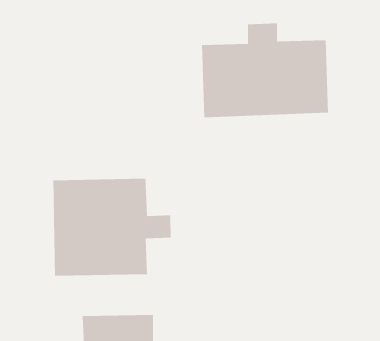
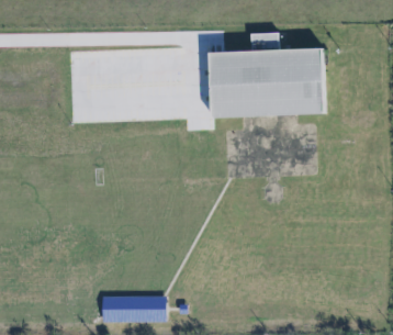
building: [53,178,171,277] -> none

